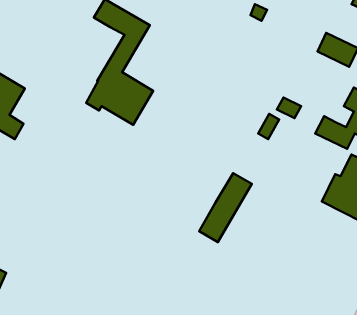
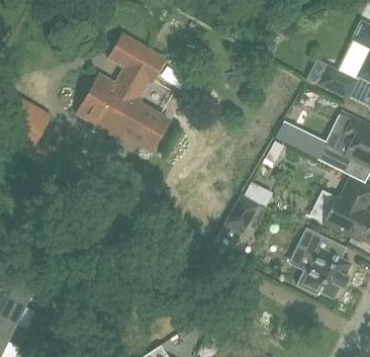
building: none -> [76,61,142,130]
building: none -> [296,227,351,296]

